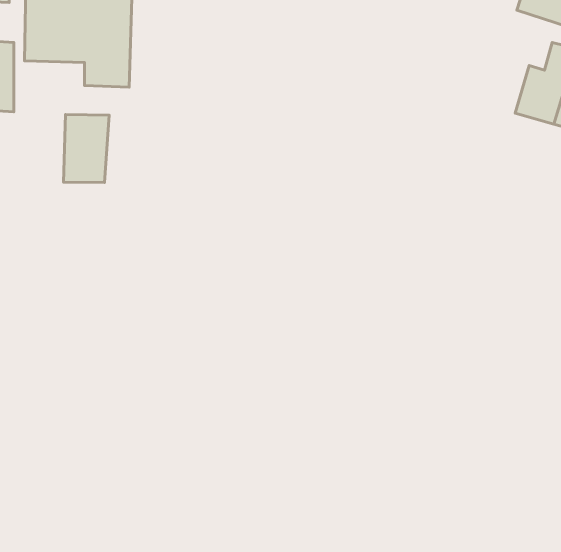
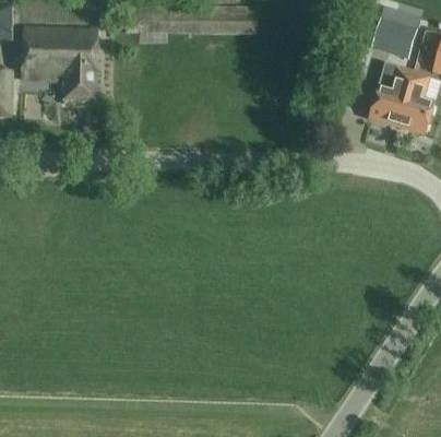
building: [63,115,109,183] -> none

